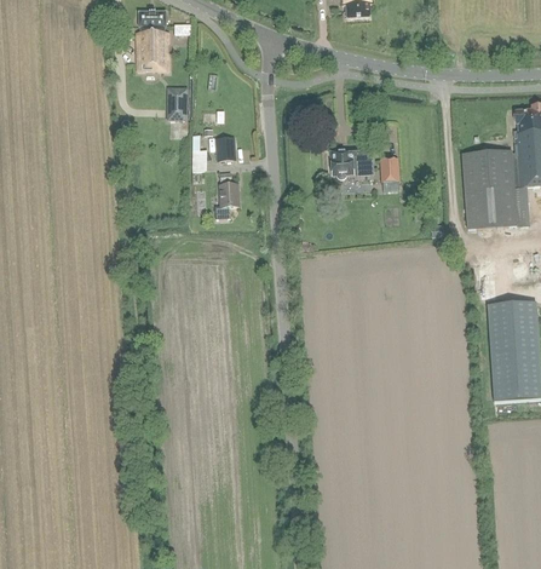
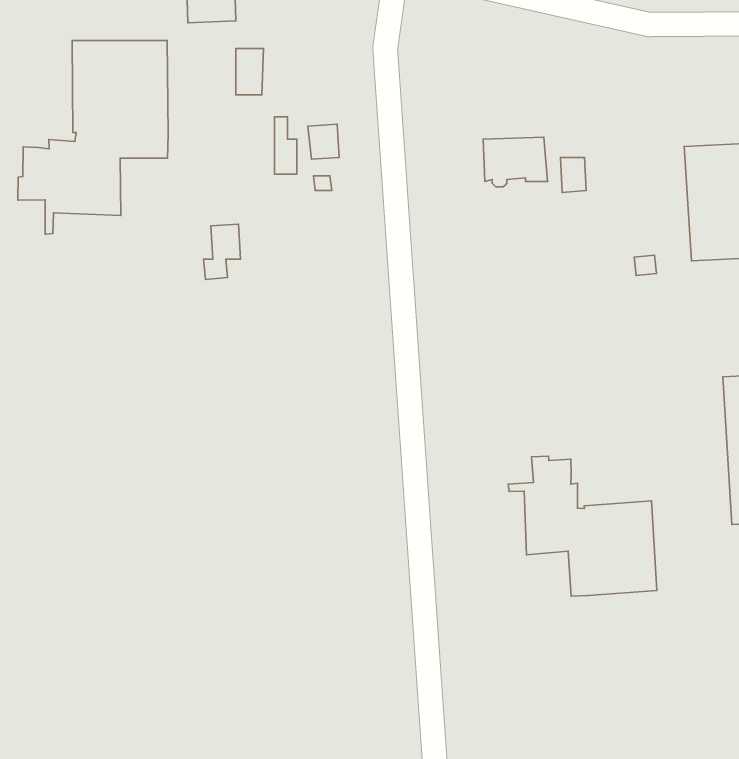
building: none -> [18,41,168,234]
building: [214,184,238,220] -> [204,224,240,279]
building: none -> [508,456,657,596]

